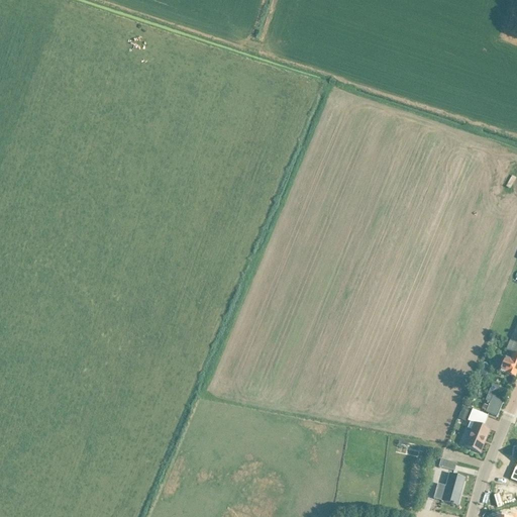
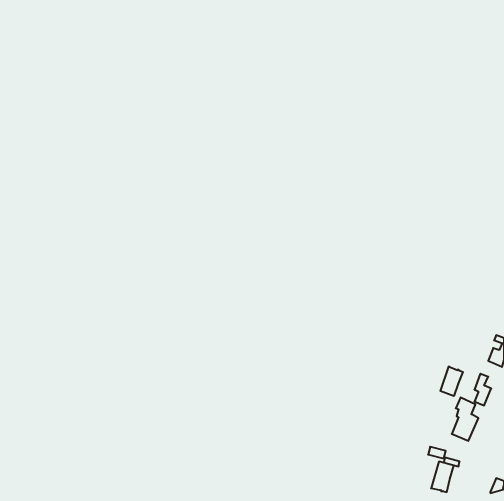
building: none -> [440,366,463,396]

